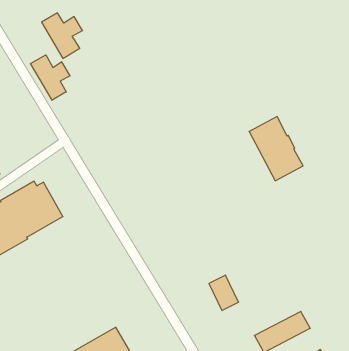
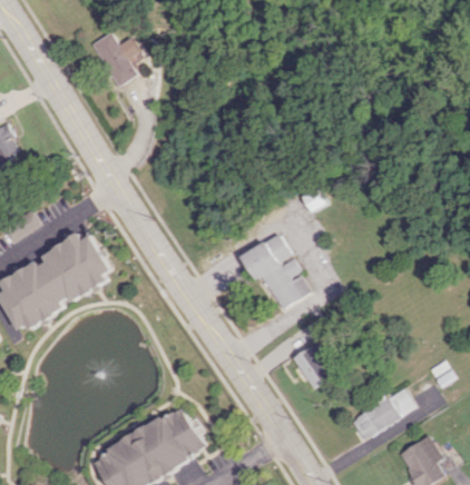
building: [30,55,70,100] -> none
building: [249,117,303,181] -> [244,234,309,310]

